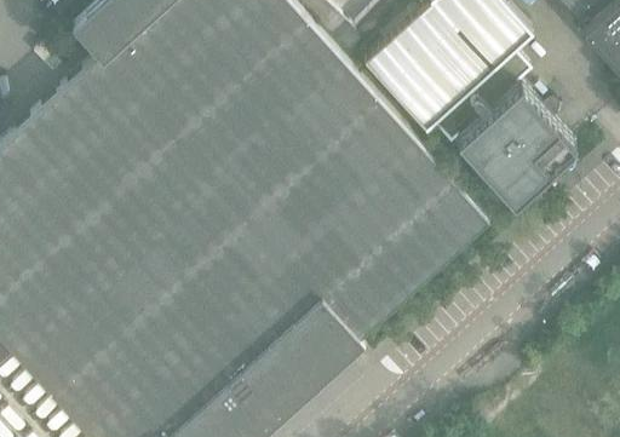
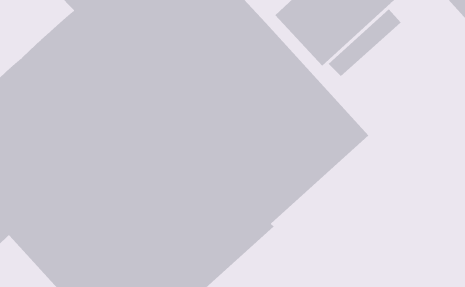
building: [460,87,576,202] -> none

